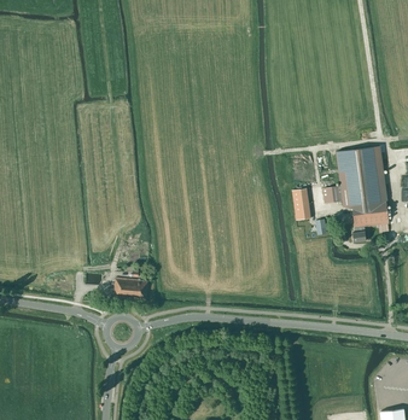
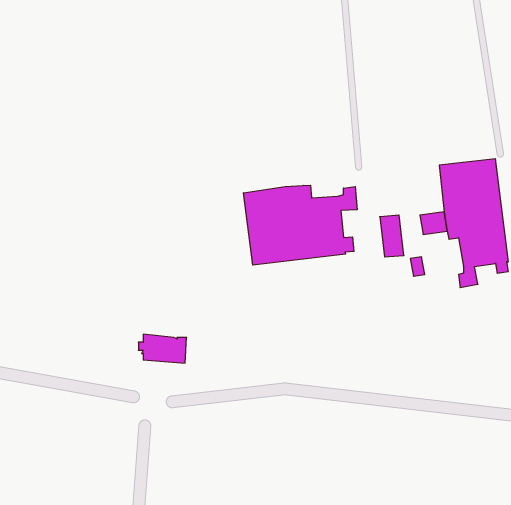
building: none -> [244,185,357,265]

